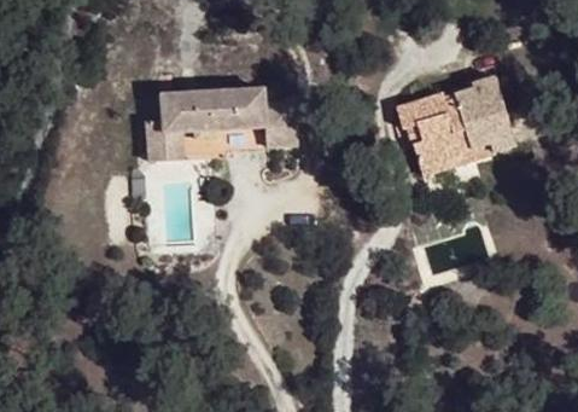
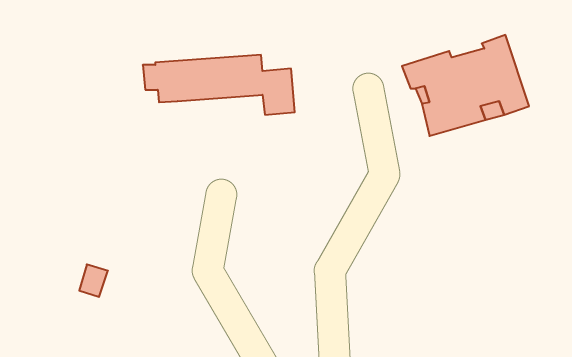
building: [144,124,182,164] -> none

